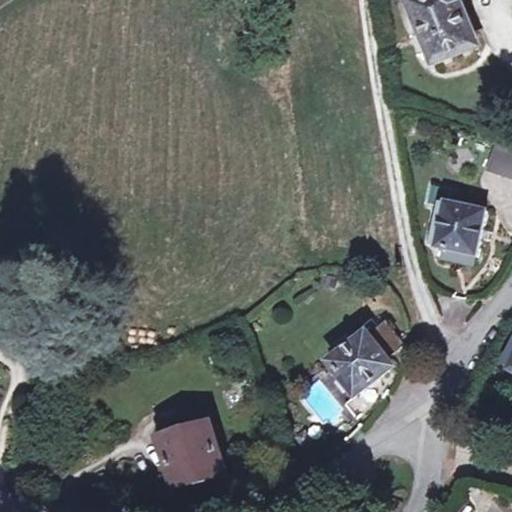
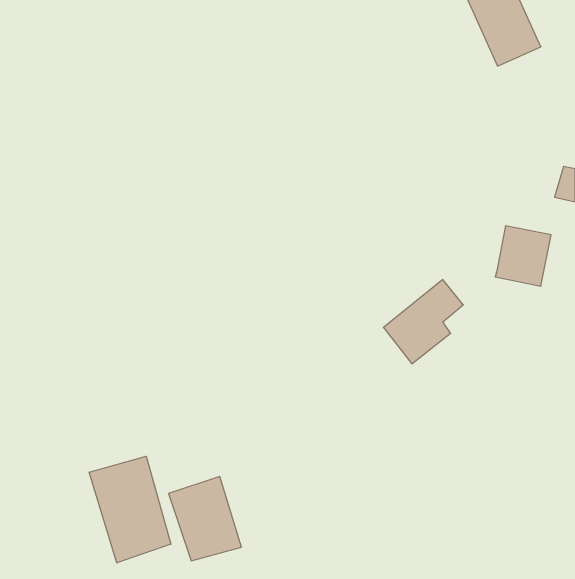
building: [330,320,400,394] -> [383,280,463,364]
building: none -> [89,456,171,563]

